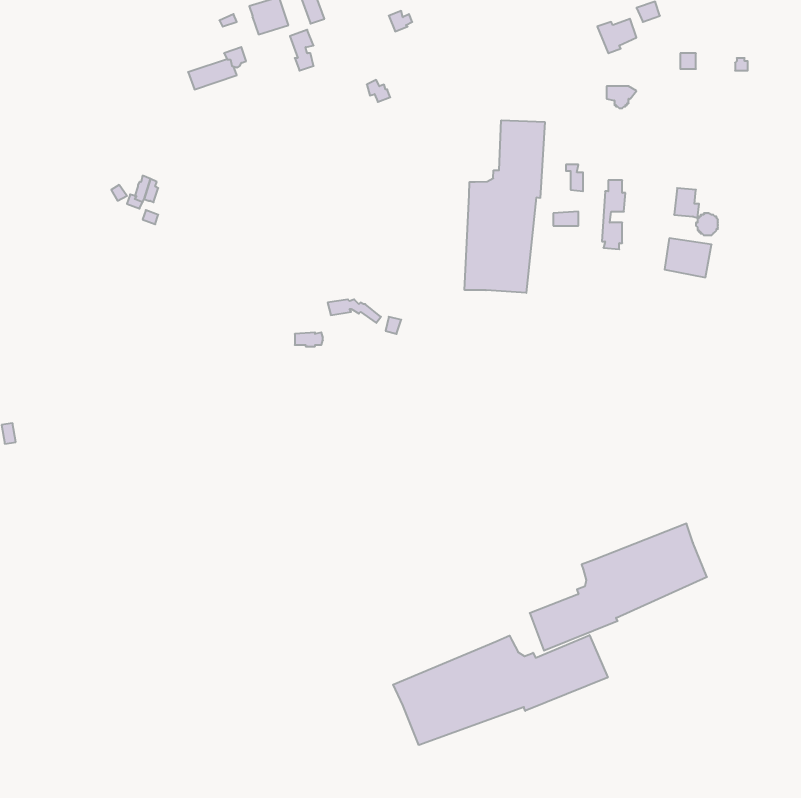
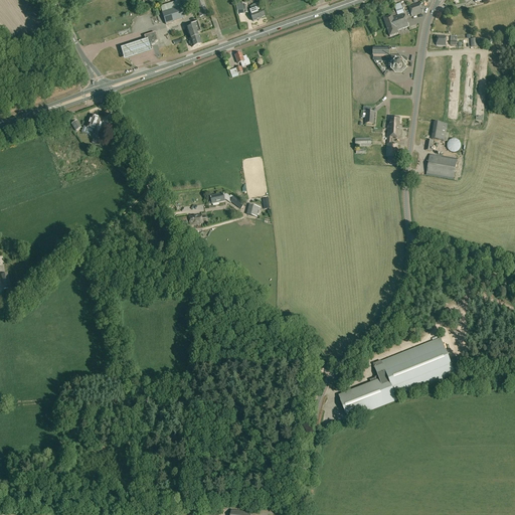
building: [465,120,545,293] -> none
building: [393,635,608,745] -> none

